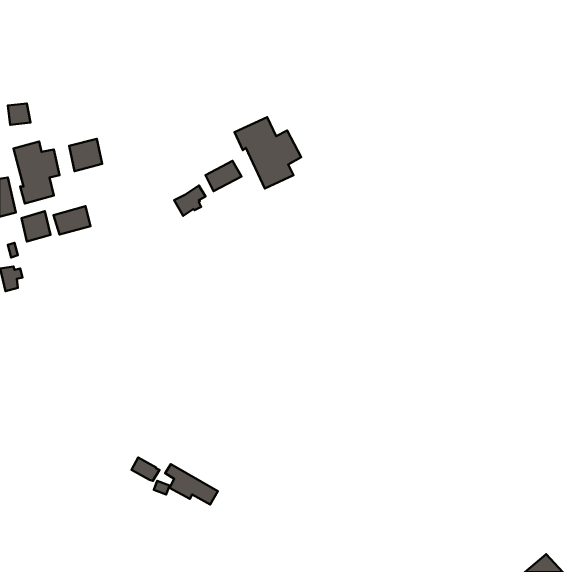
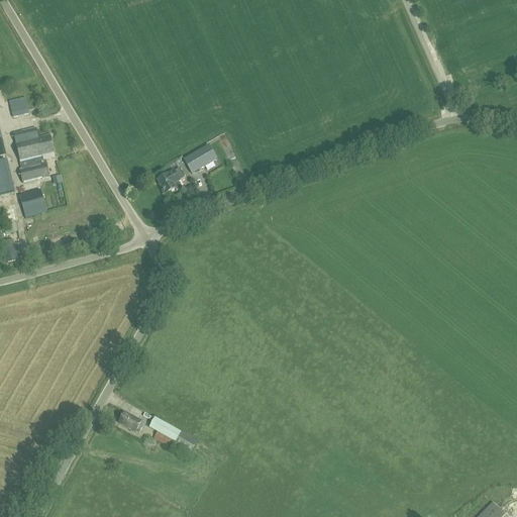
building: [235,117,301,189] -> none
building: [69,139,102,171] -> none
building: [54,206,91,235] -> none

